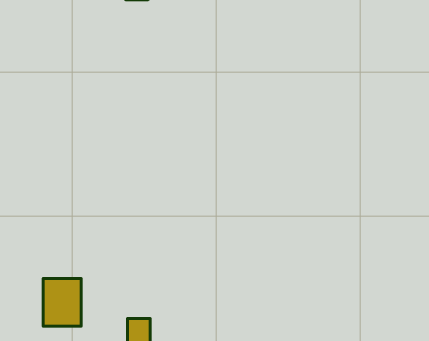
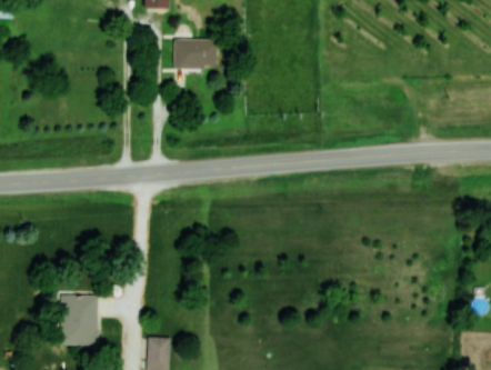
building: none -> [174,39,217,68]

